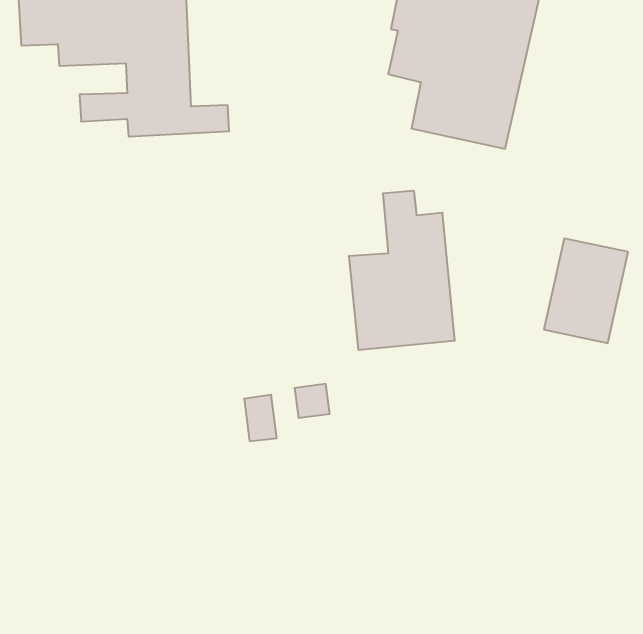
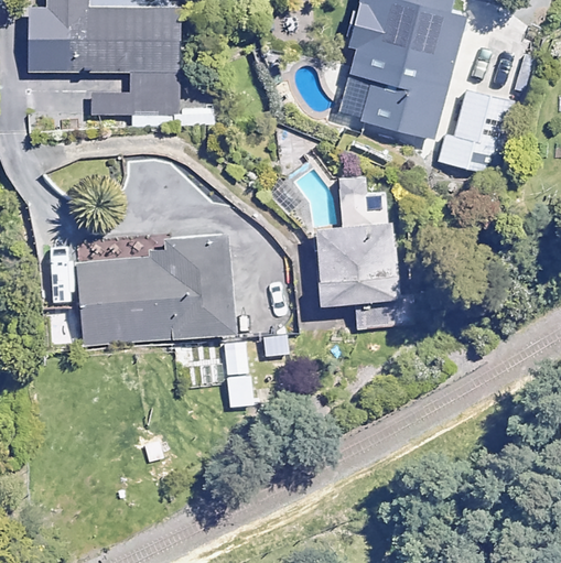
building: [544,238,628,343] -> [449,91,517,176]
building: none -> [74,235,233,345]

